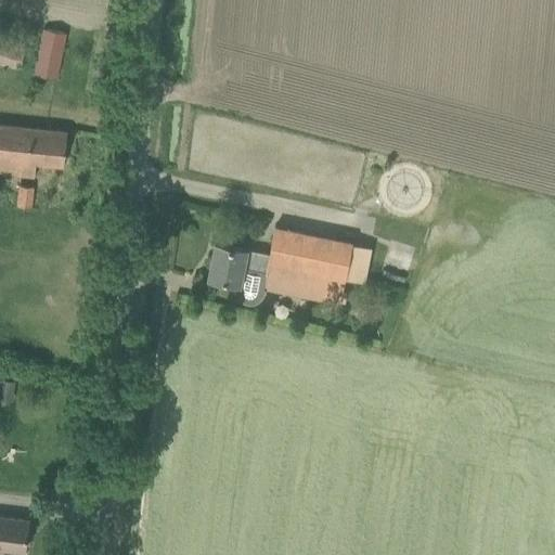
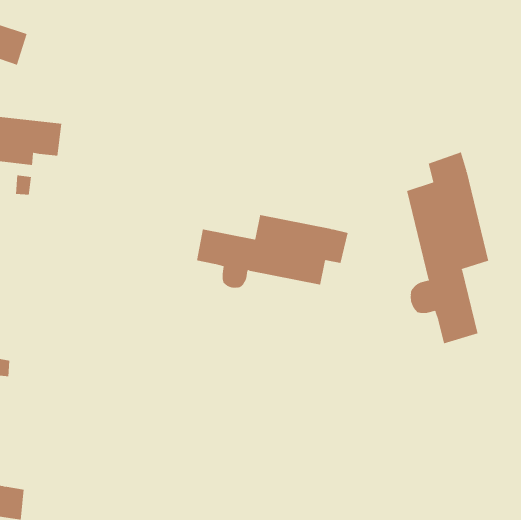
building: [36,30,63,79] -> none
building: none -> [406,151,489,344]

